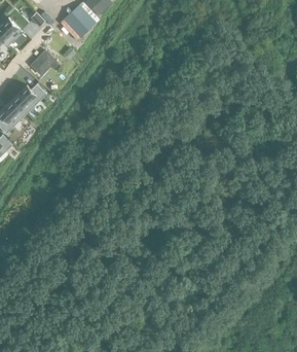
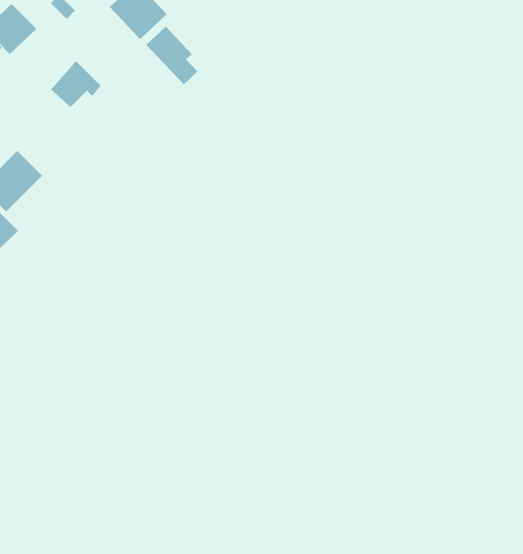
building: none -> [146,26,198,85]
building: [12,84,47,114] -> none

